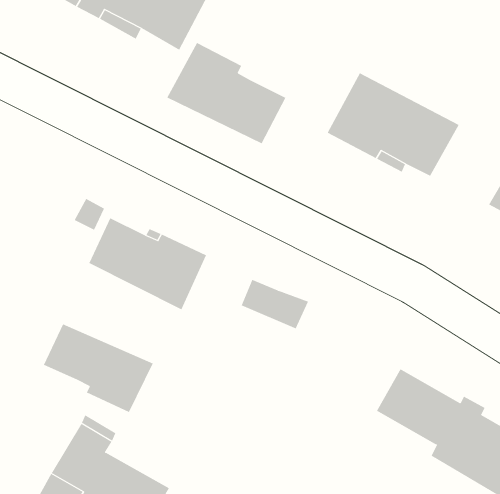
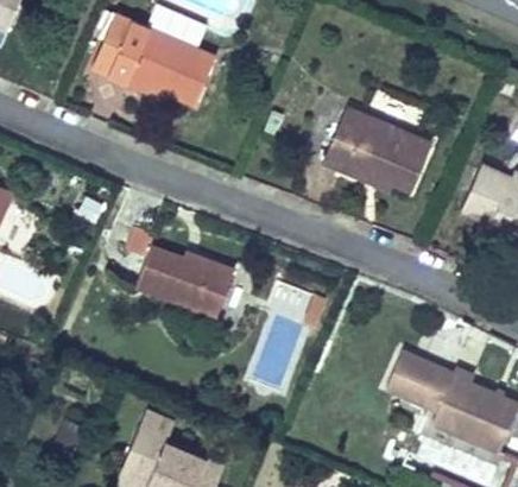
building: [167,42,286,144] -> none
building: [43,324,153,413] -> none

